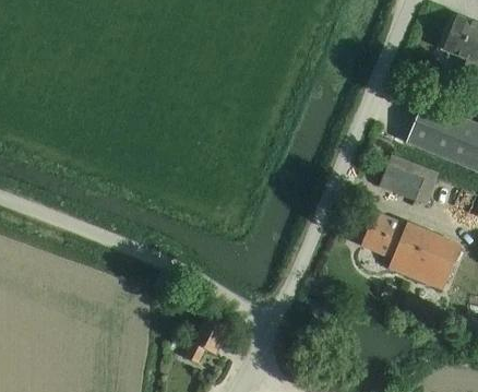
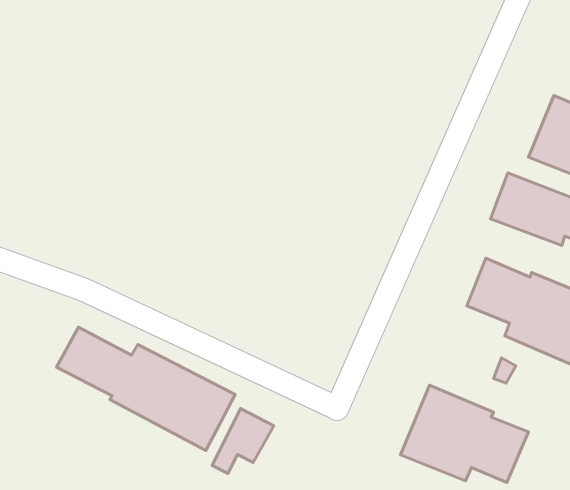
building: none -> [57,327,235,450]
building: none -> [401,385,528,482]

